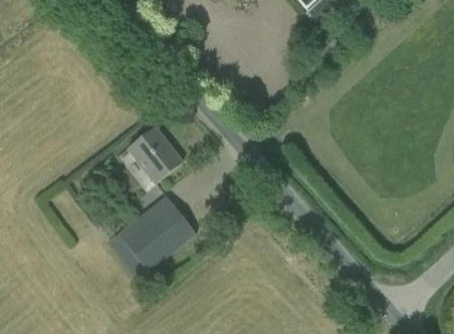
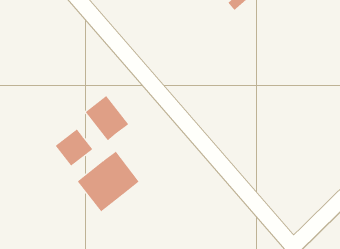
building: none -> [55,128,93,166]

